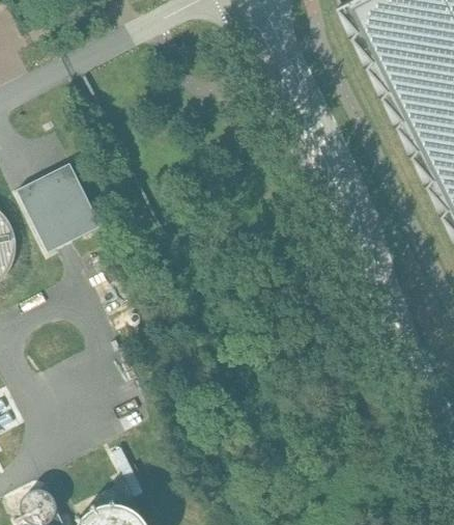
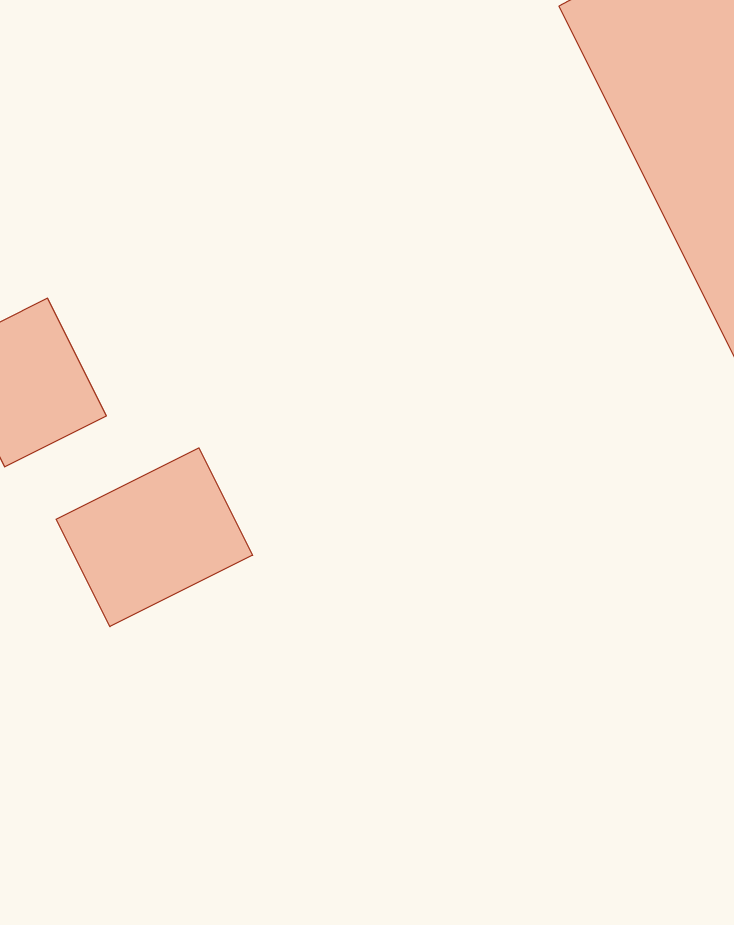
building: none -> [56,448,253,627]

